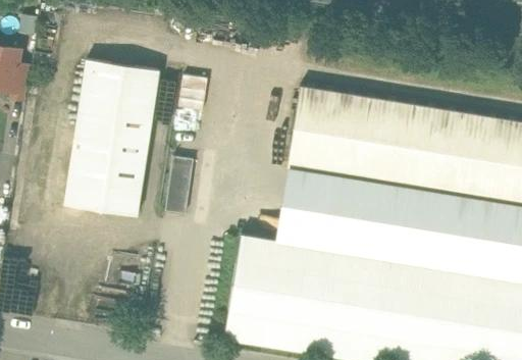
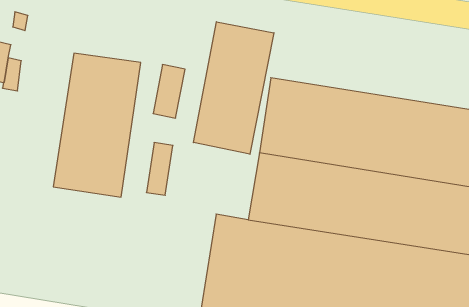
building: none -> [193,22,274,154]

